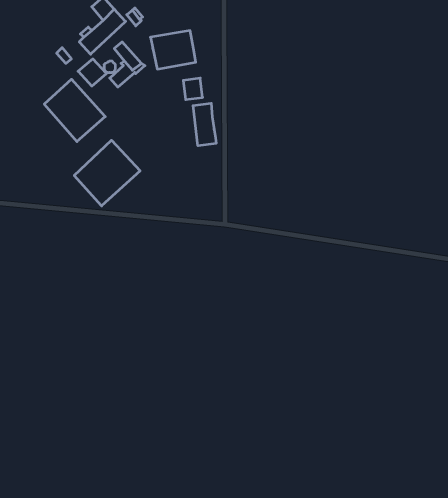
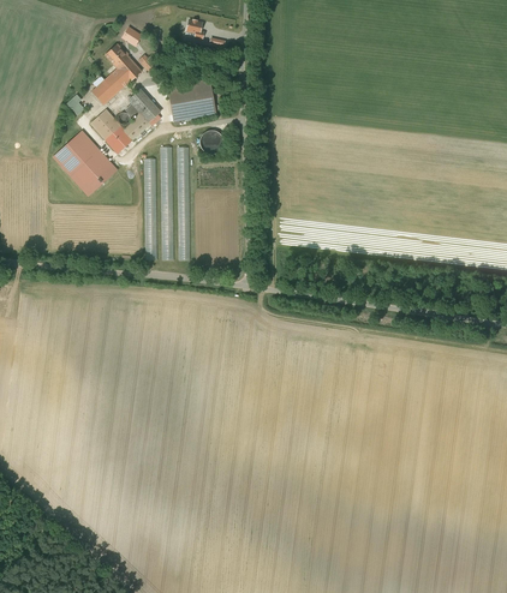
building: [193,103,216,146] -> none
building: [74,140,140,206] -> none

